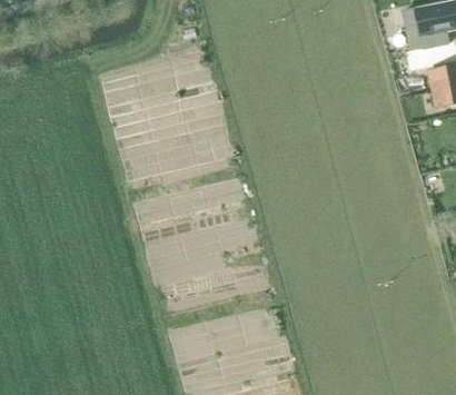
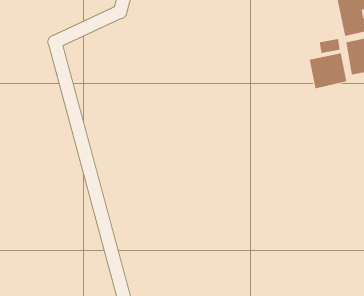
building: none -> [309,53,347,89]

